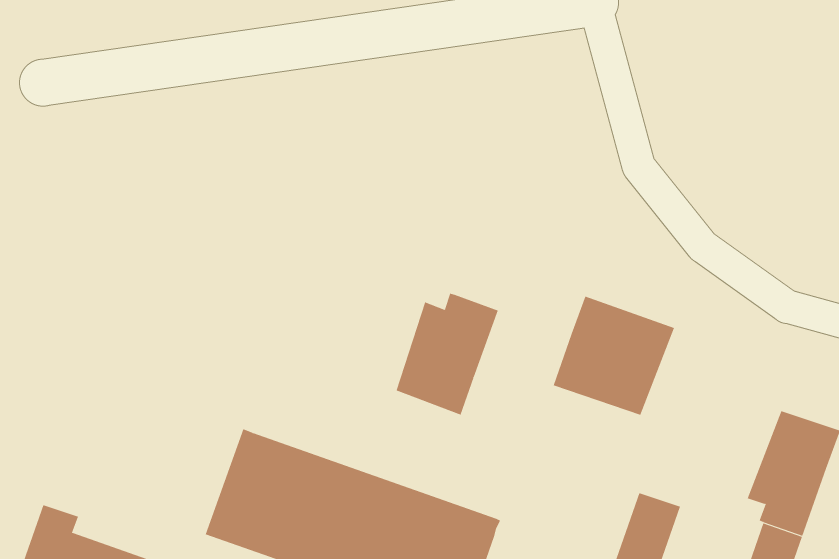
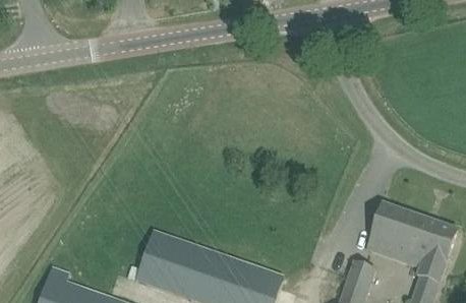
building: [396,293,499,415] -> none
building: [553,296,675,416] -> [364,201,426,262]

